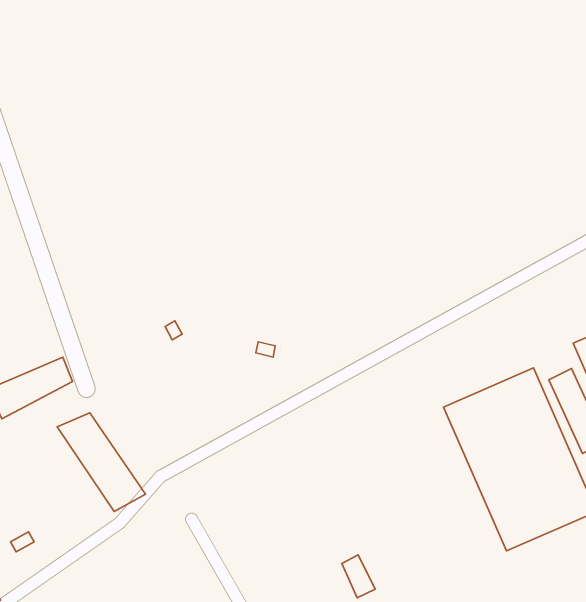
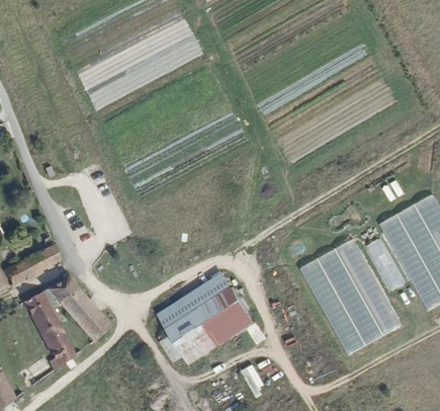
building: none -> [158,271,256,364]
building: none -> [31,297,80,369]

